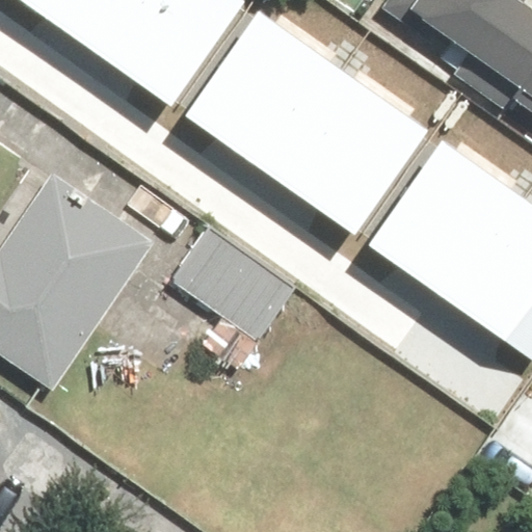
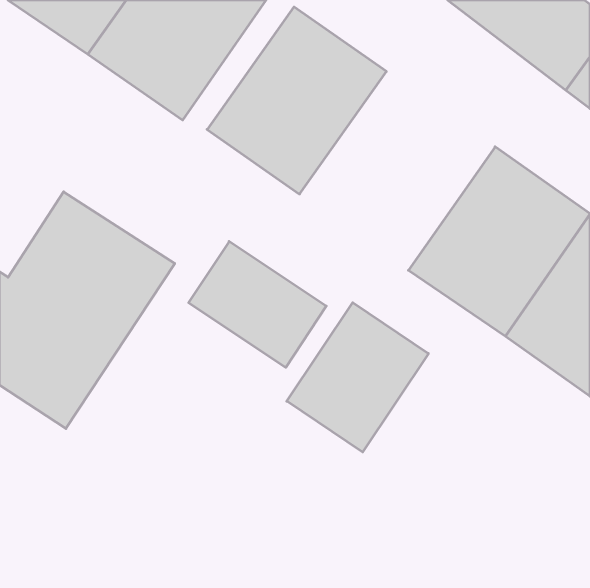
building: [269,66,430,235] -> none
building: none -> [287,303,428,452]

